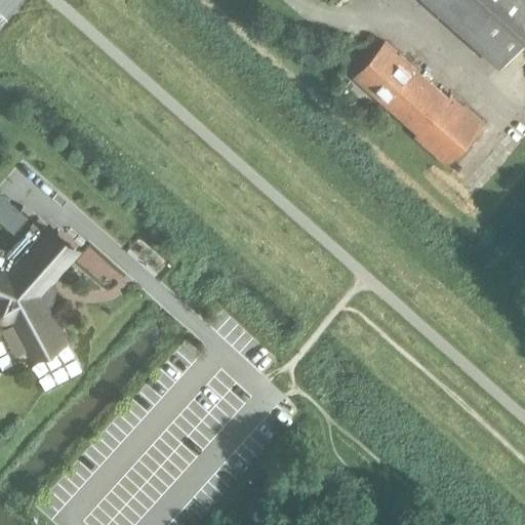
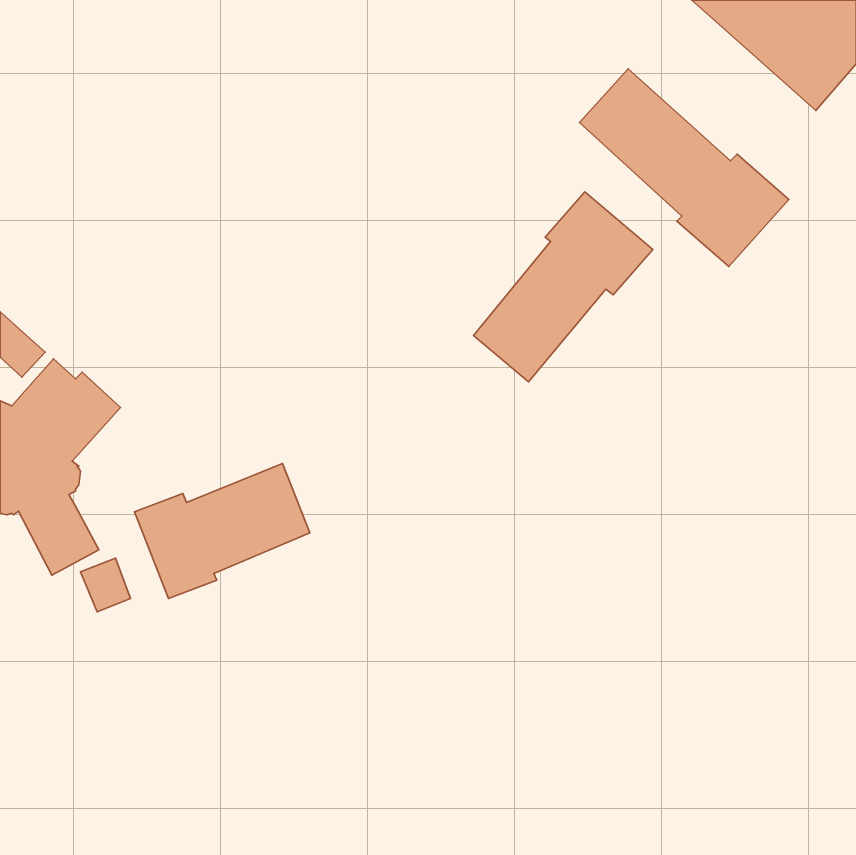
building: none -> [474,192,653,382]
building: none -> [134,463,310,599]

